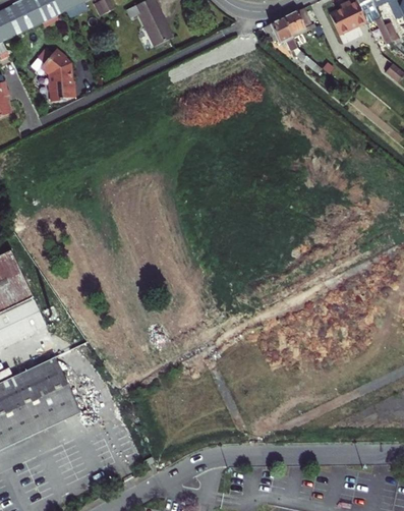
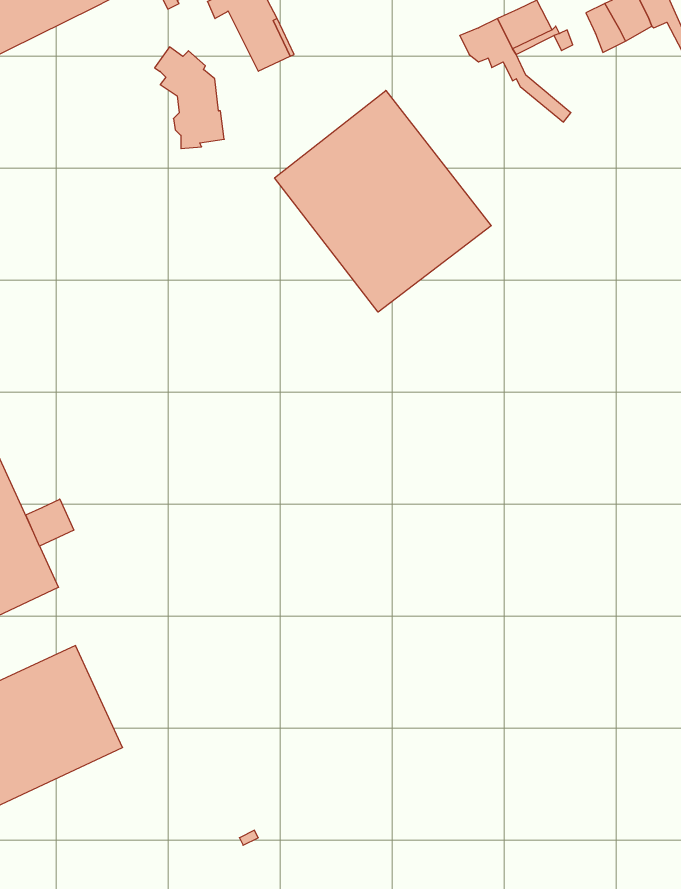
building: [39,47,76,102] -> [155,47,224,149]
building: none -> [275,90,491,312]
building: none -> [26,499,74,546]

